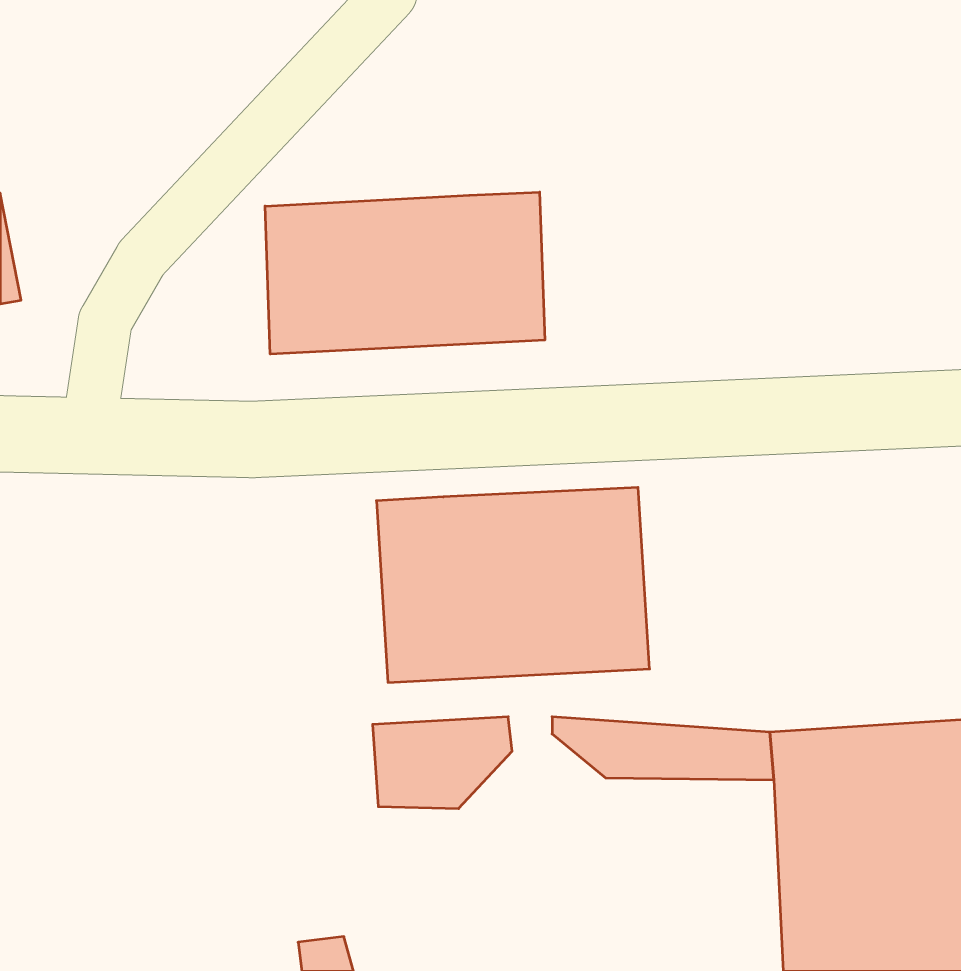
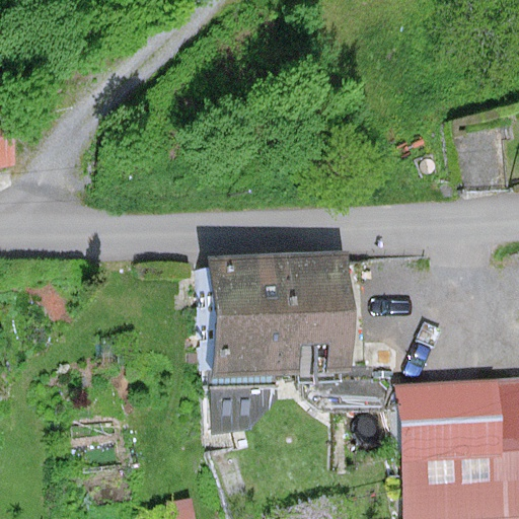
building: [265,192,545,354] -> none

